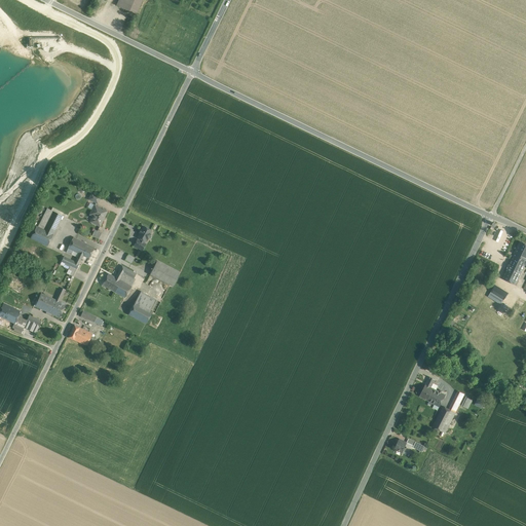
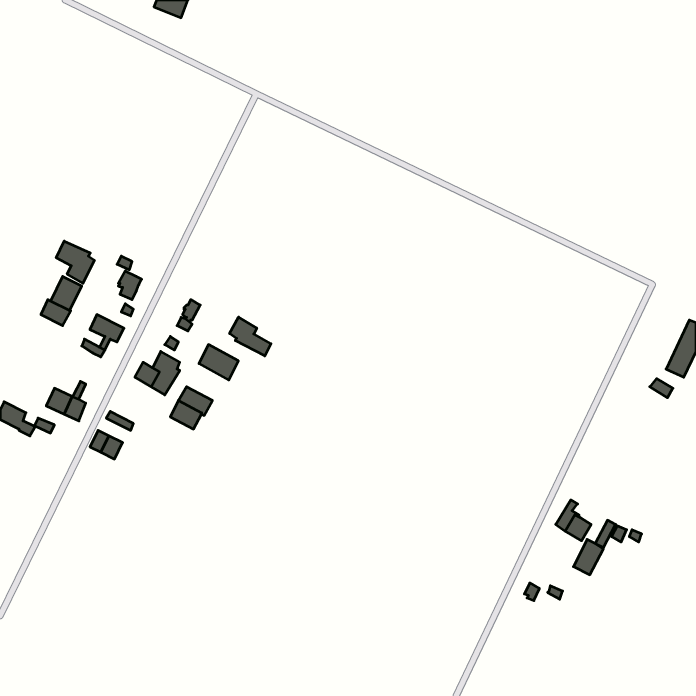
building: none -> [56,241,94,283]
building: none -> [230,317,271,356]

